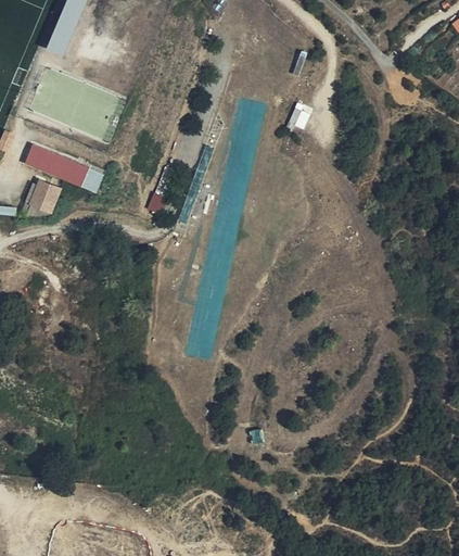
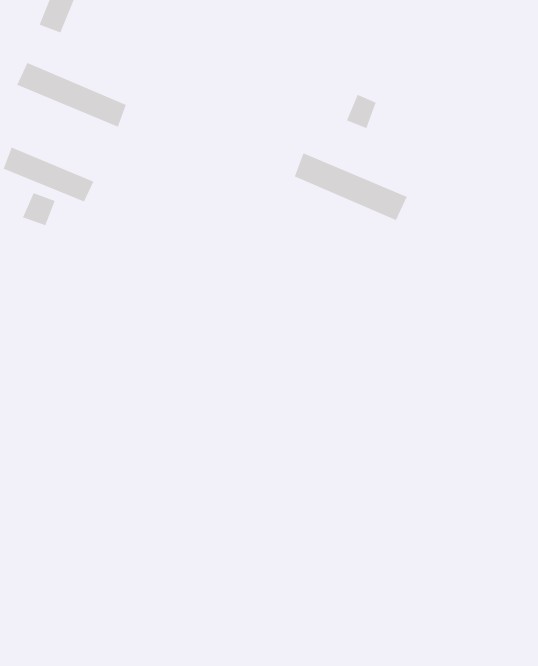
building: none -> [17,62,127,128]
building: none -> [294,153,408,221]

